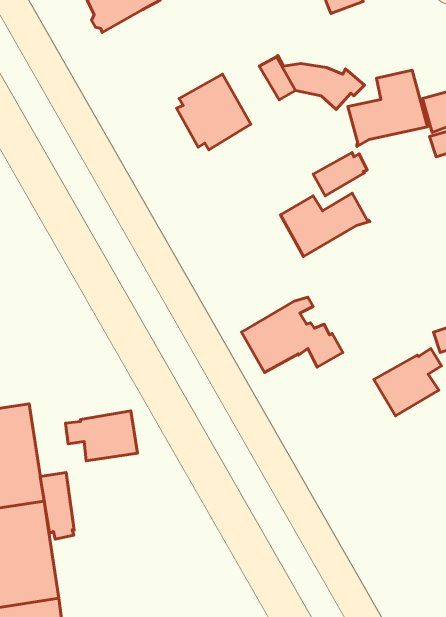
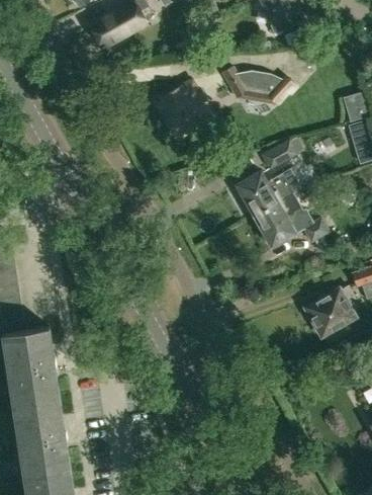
building: [348,70,427,146] -> none
building: [242,297,343,373] -> [253,189,329,246]
building: [65,411,137,461] -> none
building: [40,473,74,539] -> none

